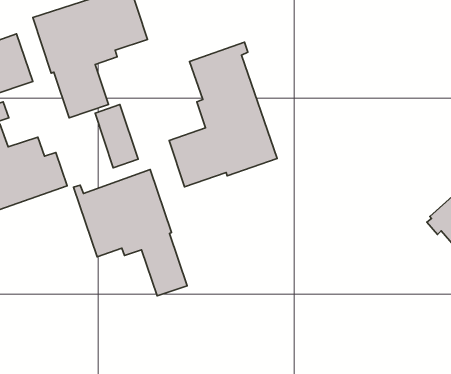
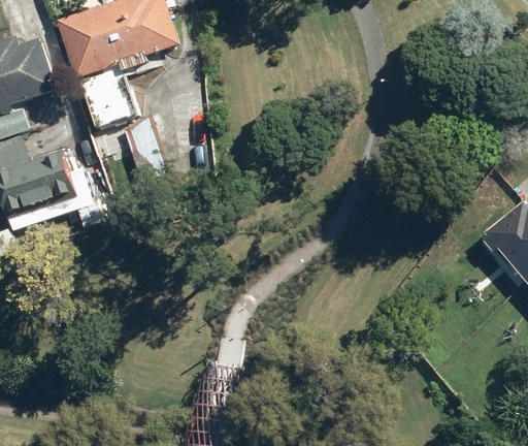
building: [169,42,277,187] -> none
building: [73,170,187,296] -> none

